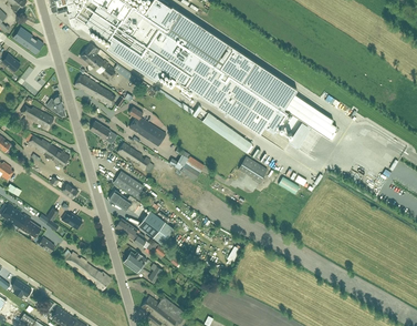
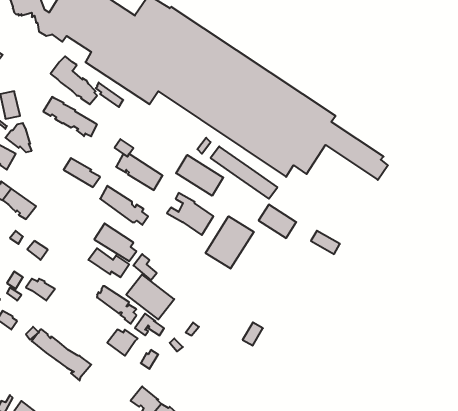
building: none -> [176,155,223,196]
building: none -> [206,216,254,269]

